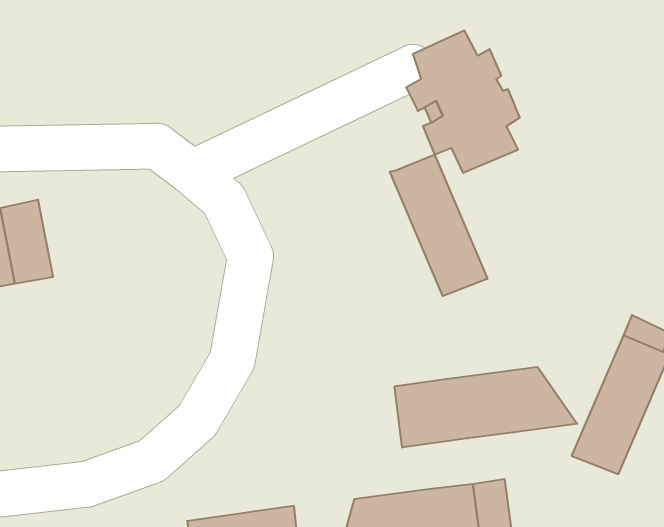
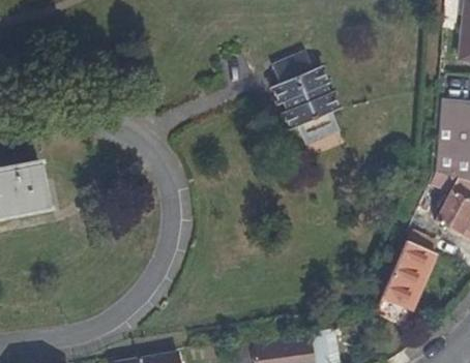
building: [390,154,487,296] -> none
building: [395,367,577,448] -> none

